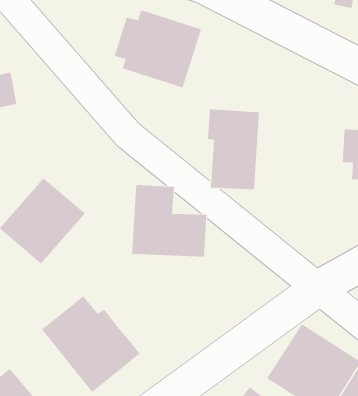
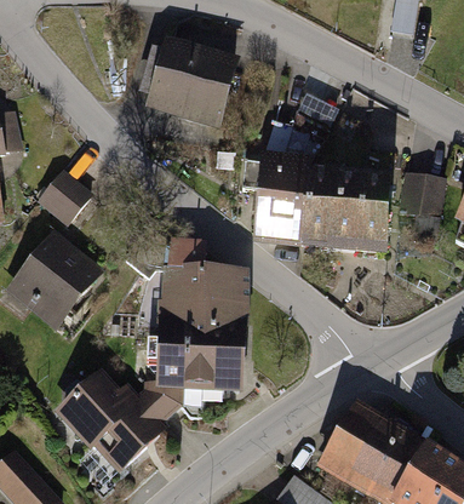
building: none -> [36,167,96,227]
building: none -> [302,171,394,251]
building: none -> [144,320,244,424]

